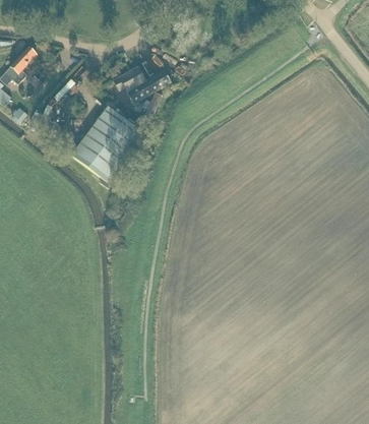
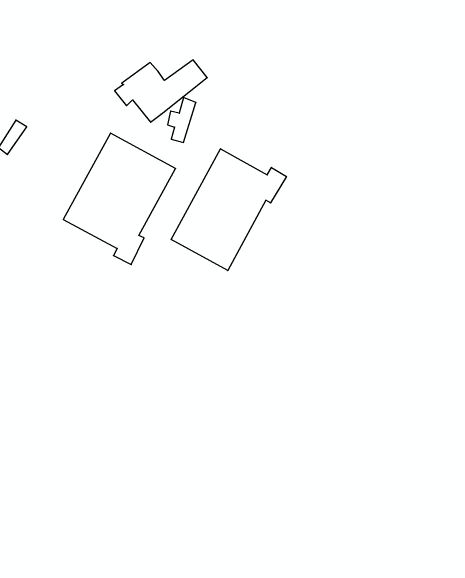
building: none -> [171,149,286,271]

